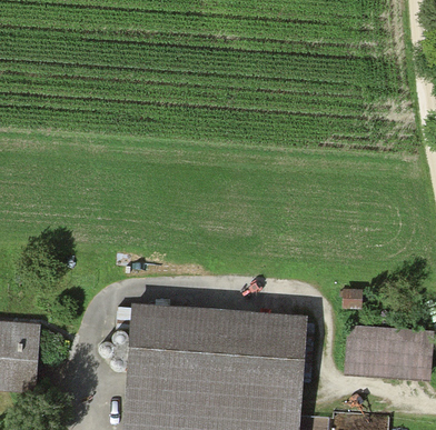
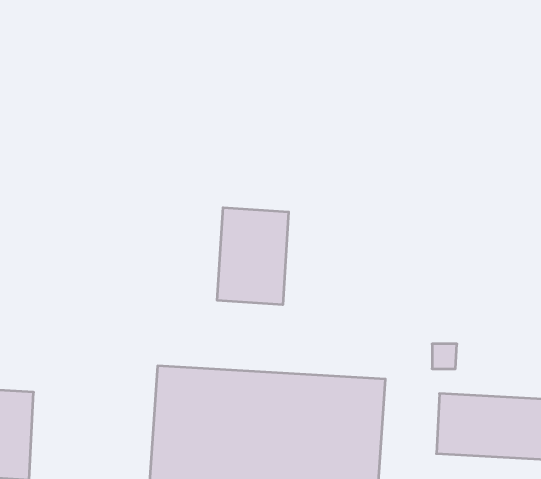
building: none -> [217,208,289,305]

